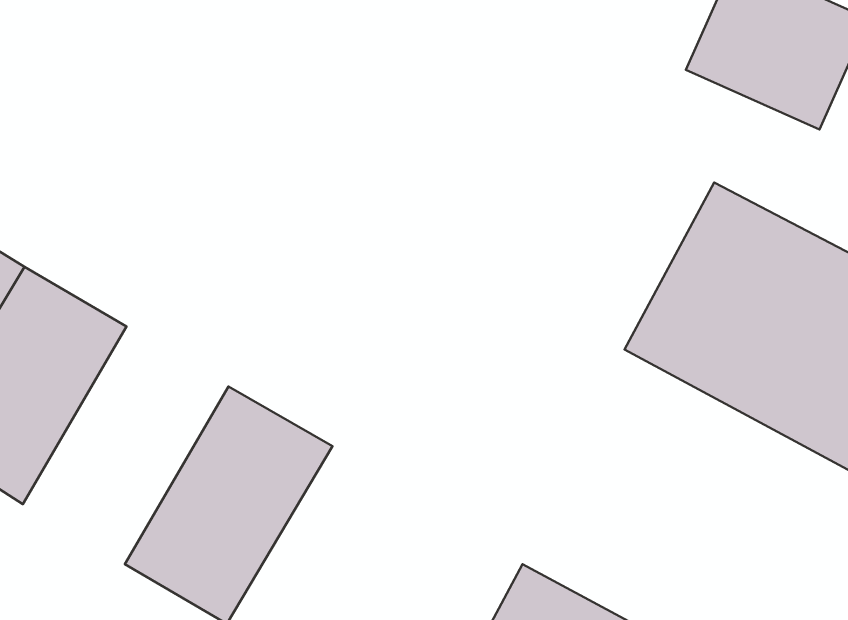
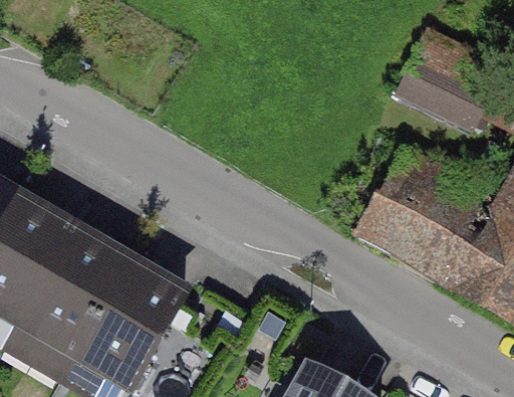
building: none -> [18,226,136,362]

